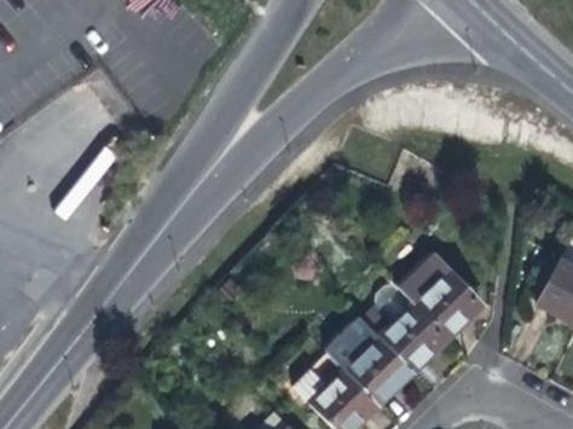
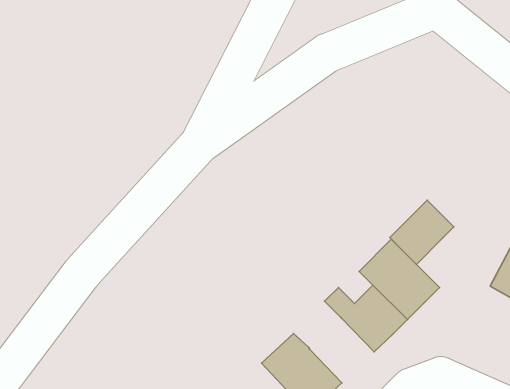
building: none -> [390,200,454,264]
building: [329,317,415,404] -> none

